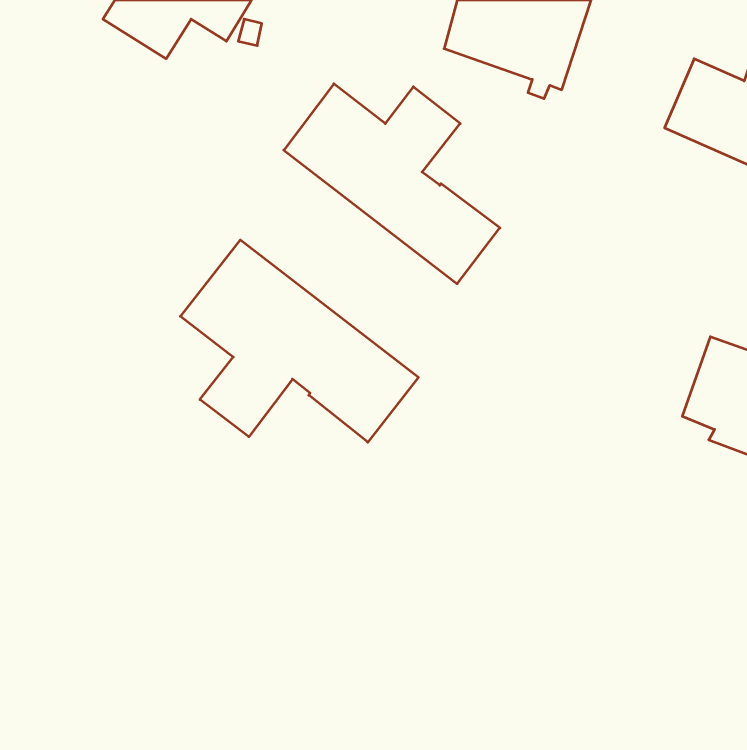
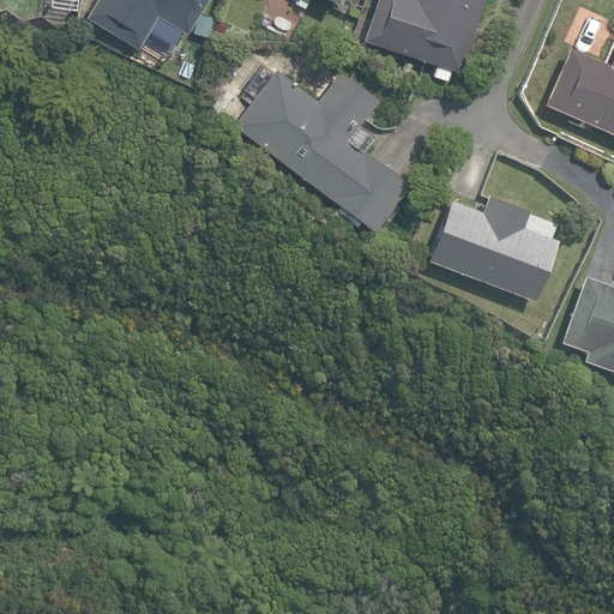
building: none -> [427,195,556,301]
building: [180,240,418,442] -> none

